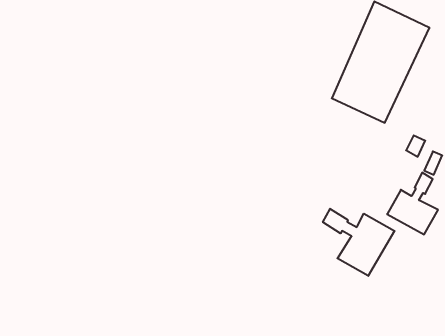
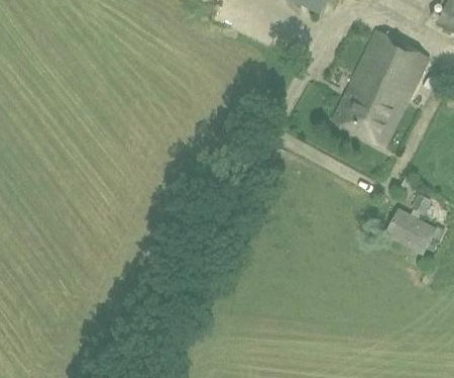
building: [323,209,395,276] -> none

